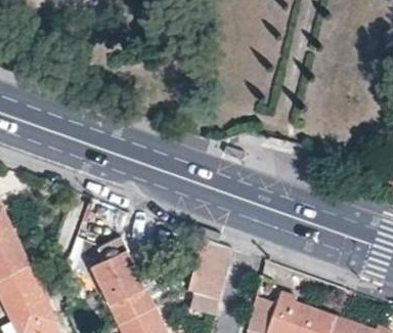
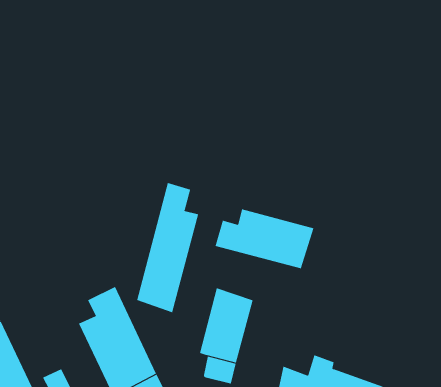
building: none -> [136,182,199,313]
building: none -> [215,208,314,269]

